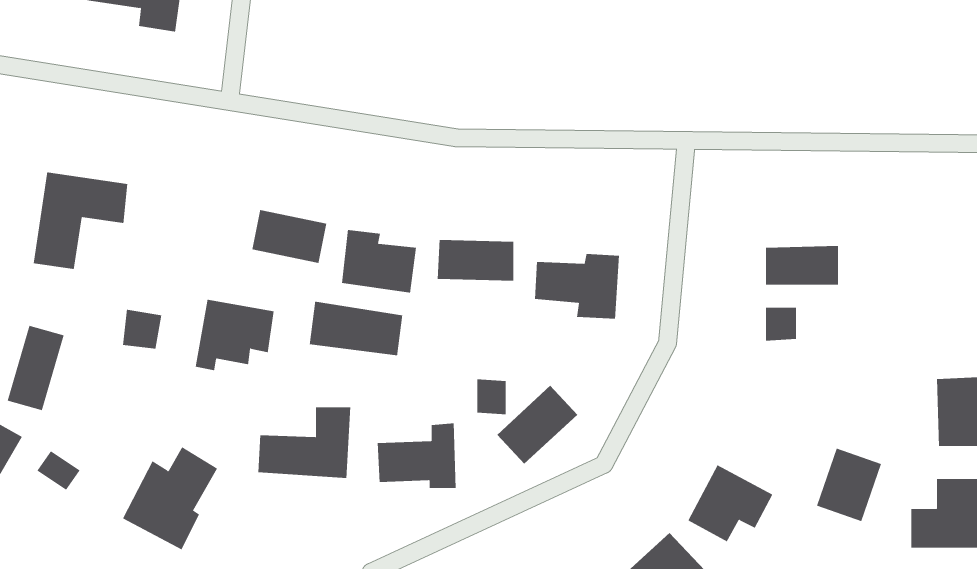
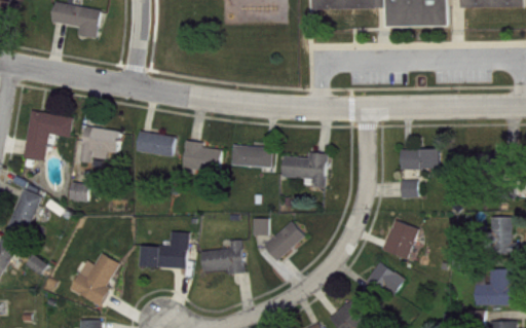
building: [195,299,275,371] -> [80,126,121,163]
building: [309,301,403,356] -> none
building: [816,448,882,522] -> [384,221,418,259]

